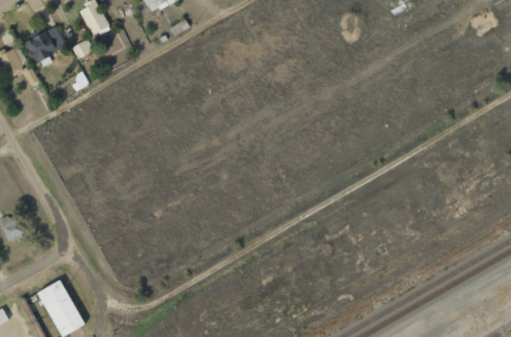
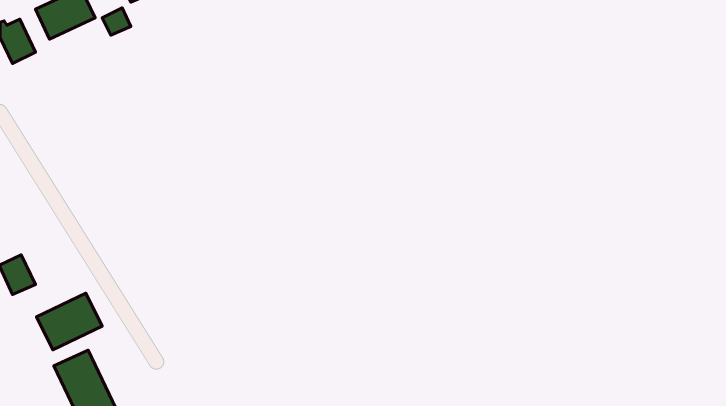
building: none -> [36,293,102,350]

